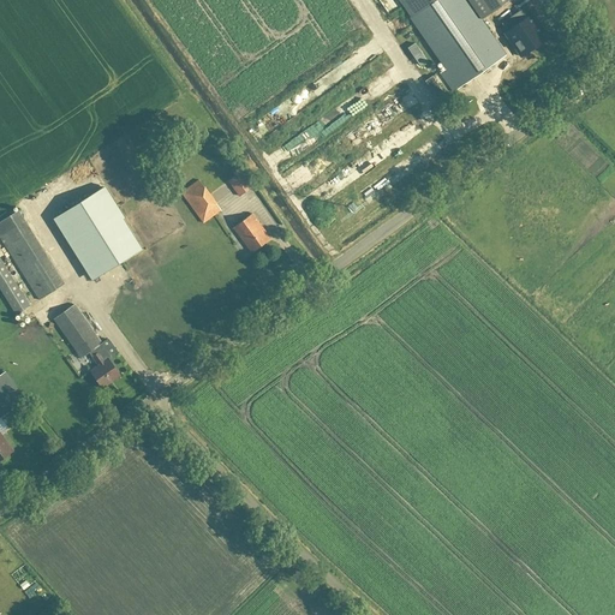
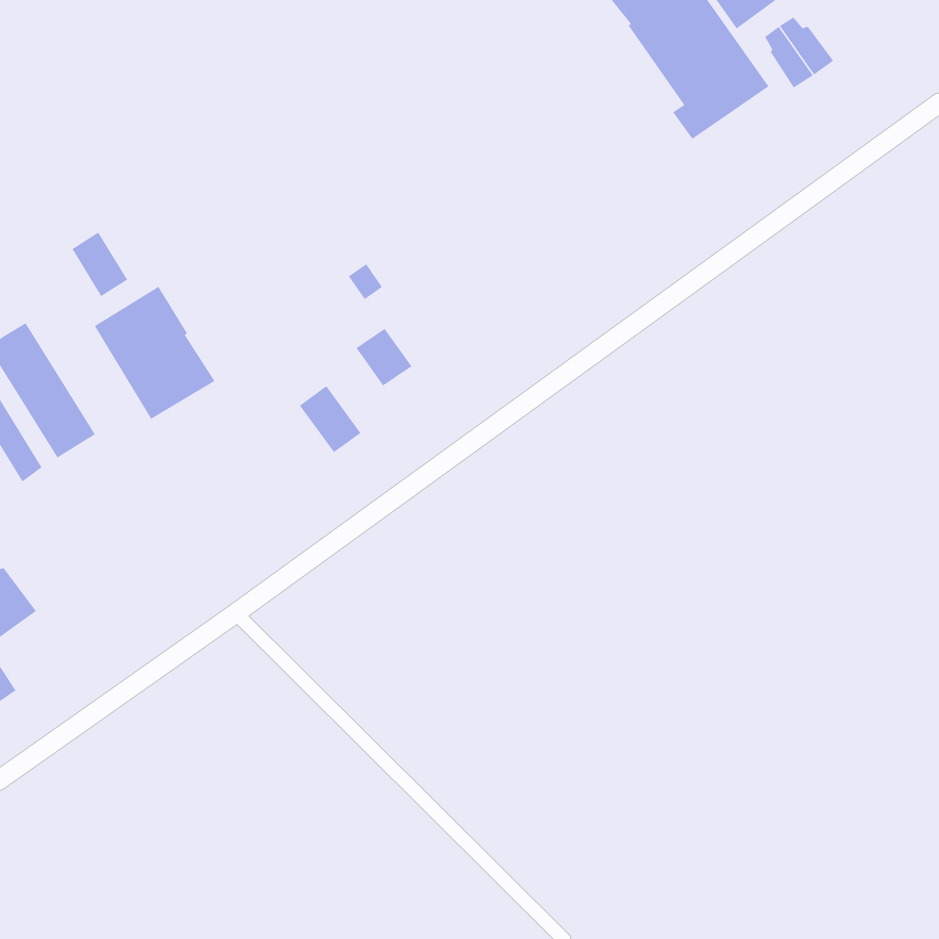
building: none -> [72,232,128,297]
building: [179,179,220,223] -> [299,385,362,453]
building: [52,304,118,387] -> none

